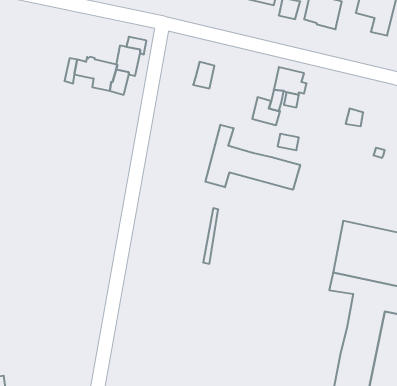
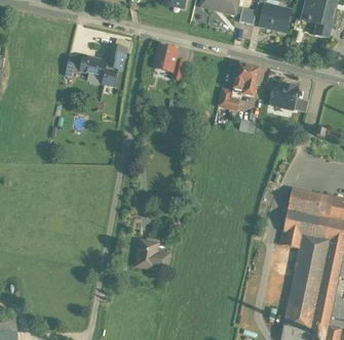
building: none -> [154,45,177,71]
building: none -> [273,82,297,108]
building: [205,125,300,190] -> none
building: none -> [136,237,169,270]

